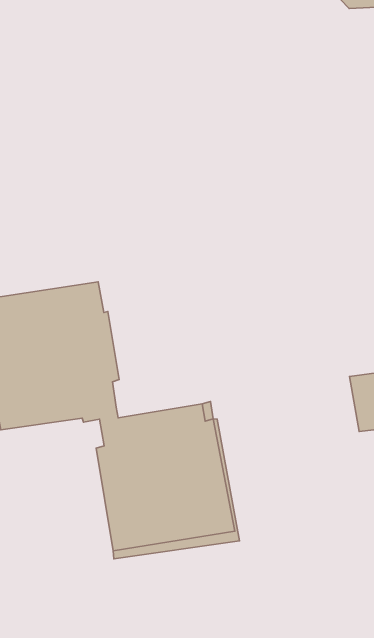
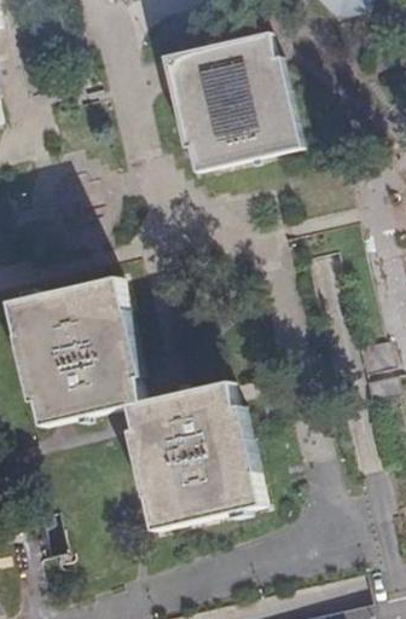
building: none -> [161,29,296,170]

